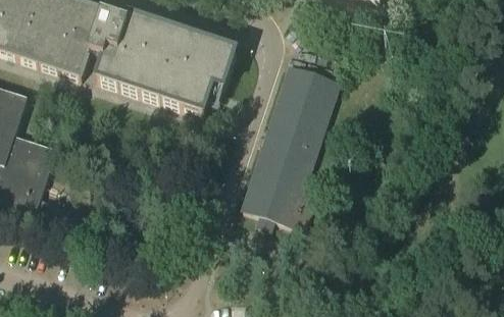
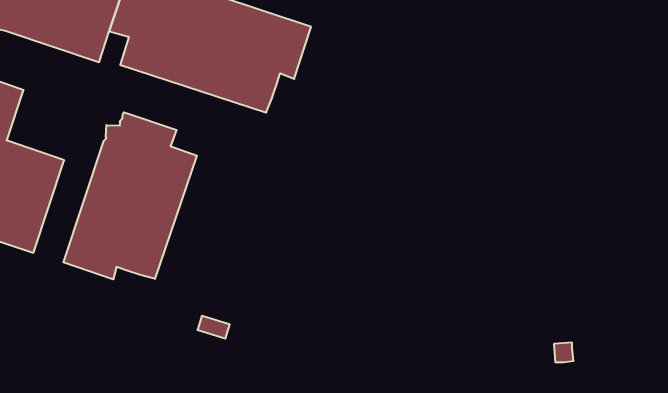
building: [243,63,339,225] -> none
building: none -> [63,112,197,279]

